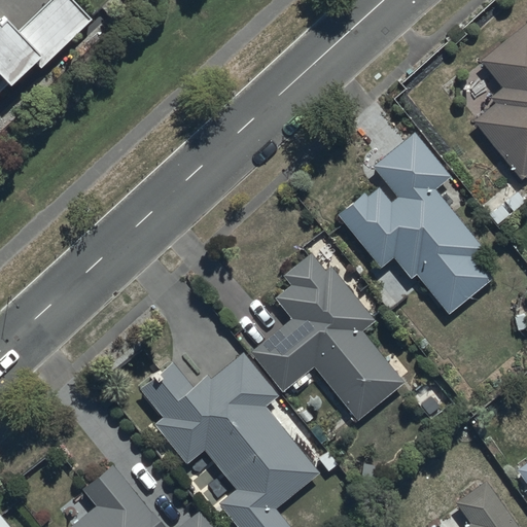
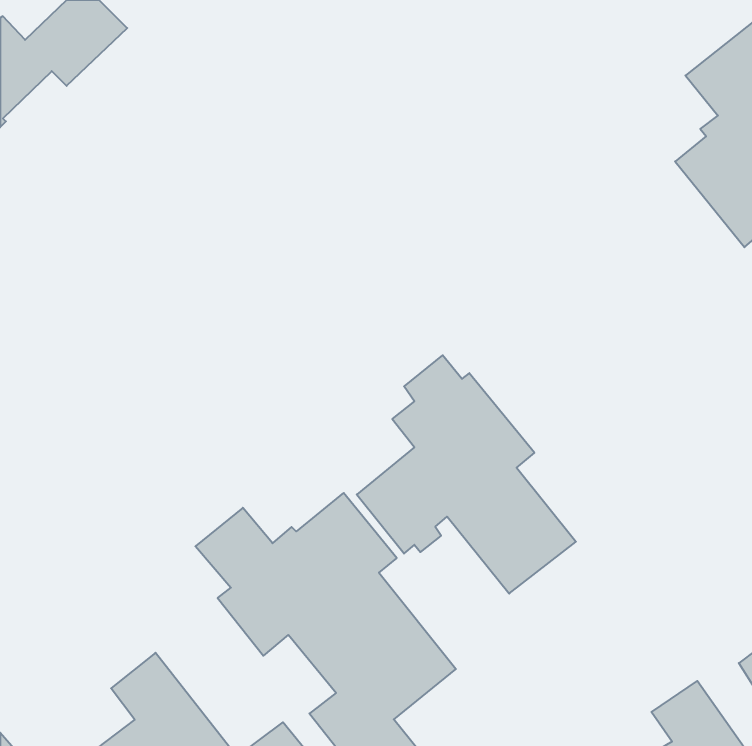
building: [337,131,492,314] -> none

